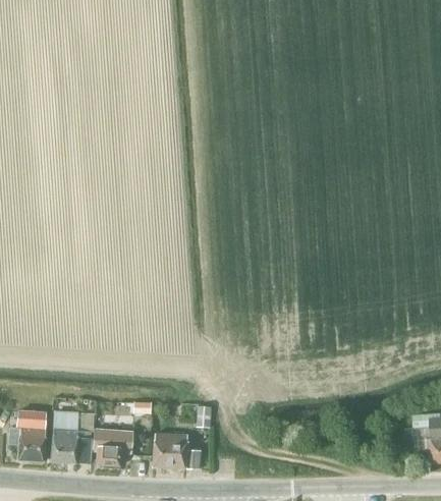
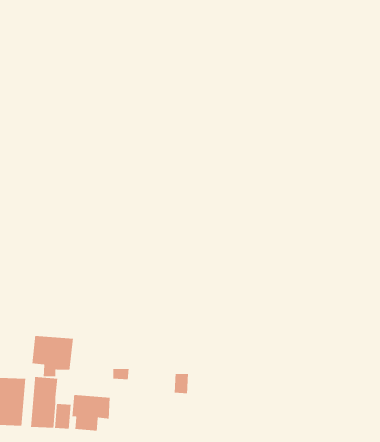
building: none -> [31,335,74,377]
building: [151,433,199,468] -> none

